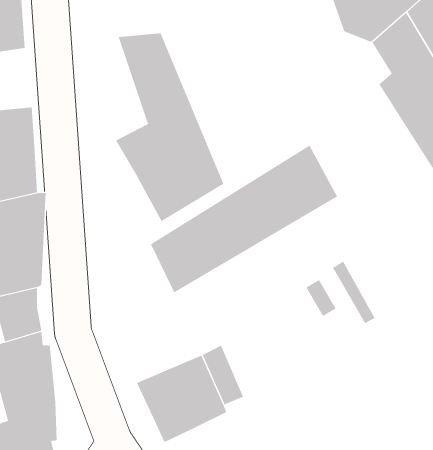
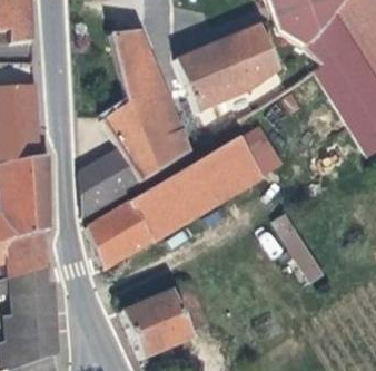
building: none -> [179,20,280,108]
building: none -> [79,145,140,215]
building: none -> [85,197,150,265]

